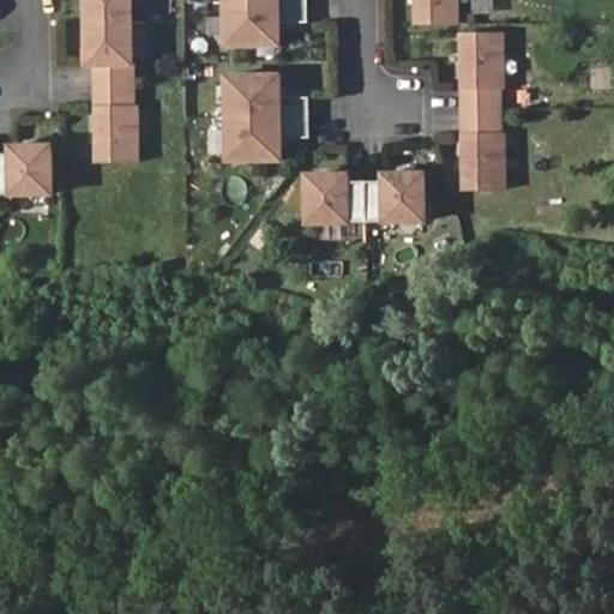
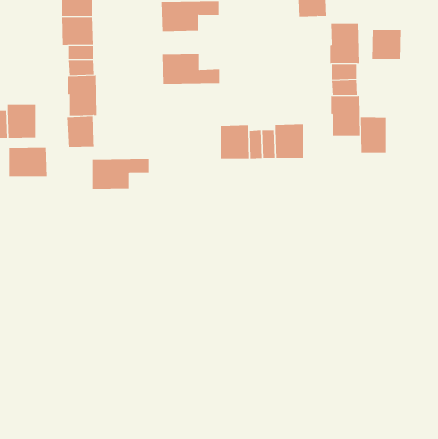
building: none -> [372,29,401,60]
building: [227,116,307,159] -> [92,159,149,190]
building: none -> [67,115,94,148]
building: none -> [360,116,386,154]
building: none -> [9,147,47,177]

